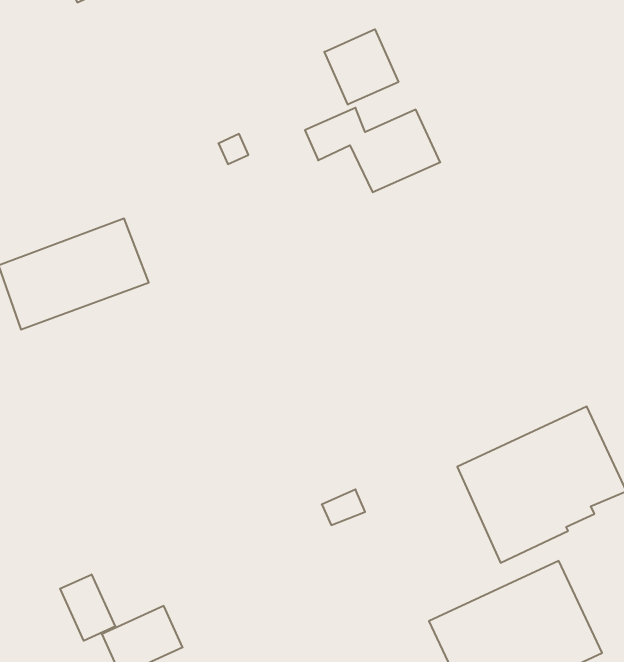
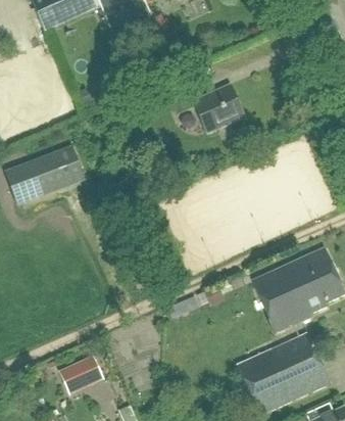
building: [324,29,398,105] -> none
building: [60,574,115,641] -> none

